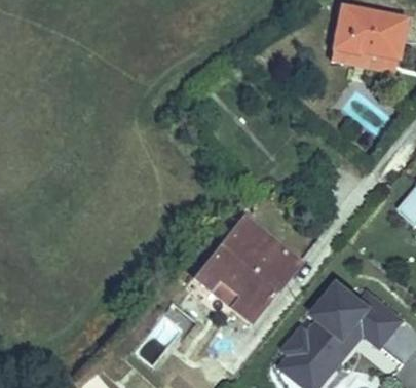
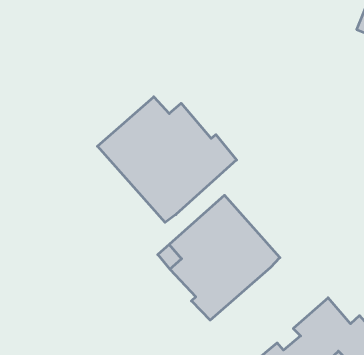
building: none -> [97,97,237,222]

